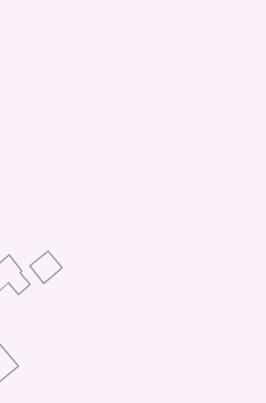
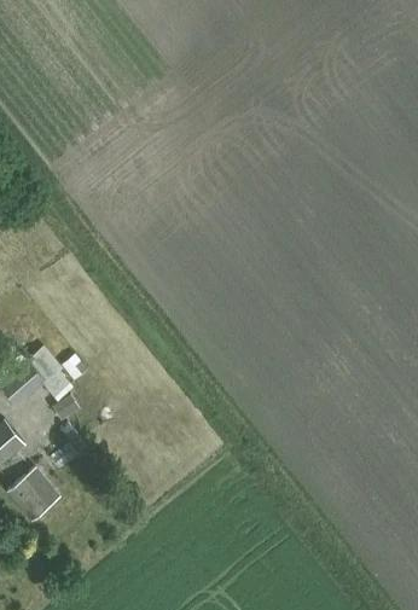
building: [30,251,62,283] -> none

